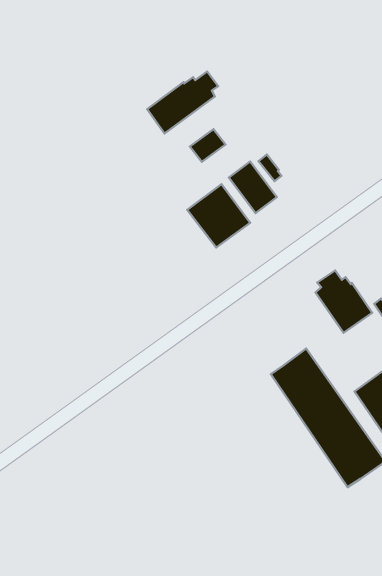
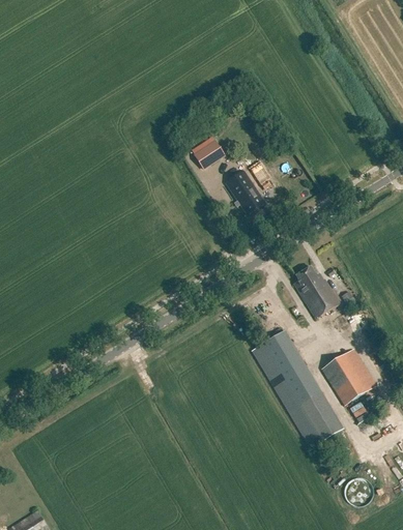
building: [147,72,218,133] -> none
building: [187,184,250,247] -> none

